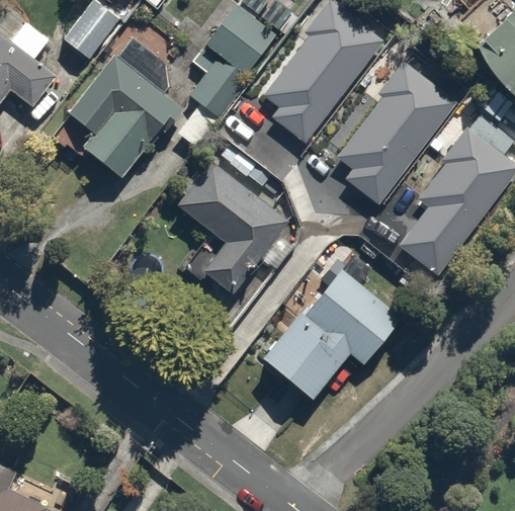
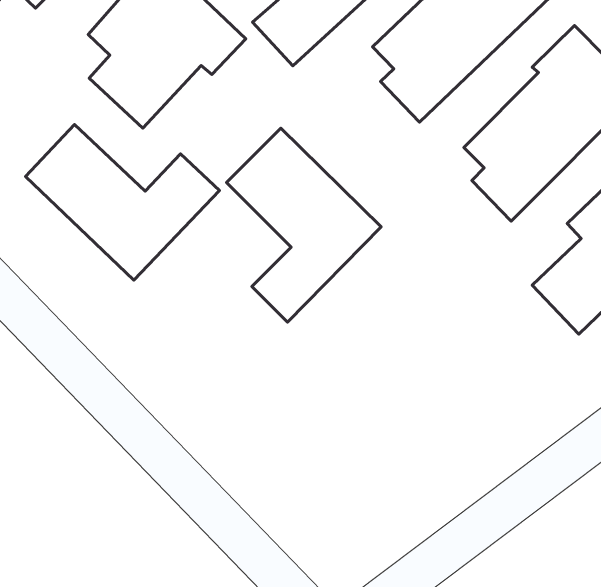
building: none -> [26,125,219,280]
building: [255,264,400,400] -> none

